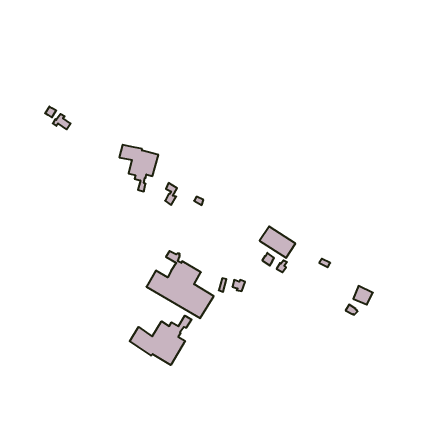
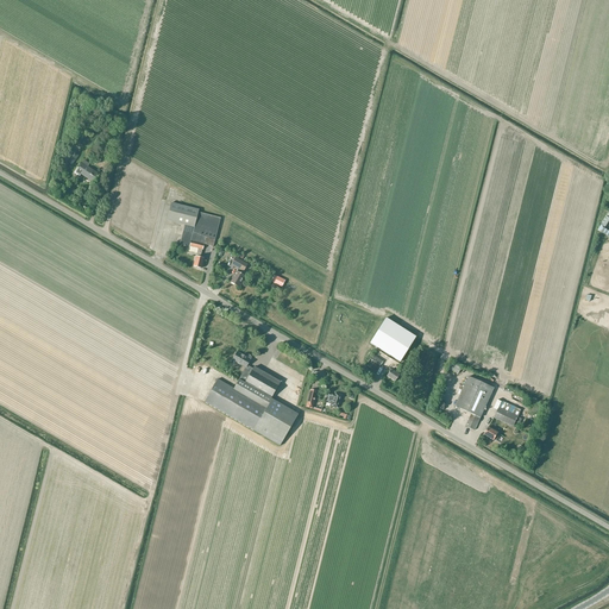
building: none -> [454,376,494,429]
building: [130,316,192,365] -> none

